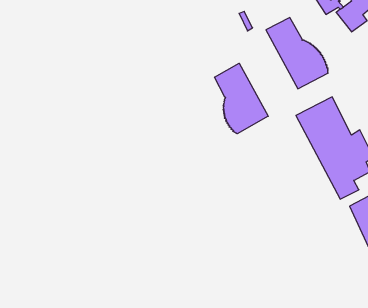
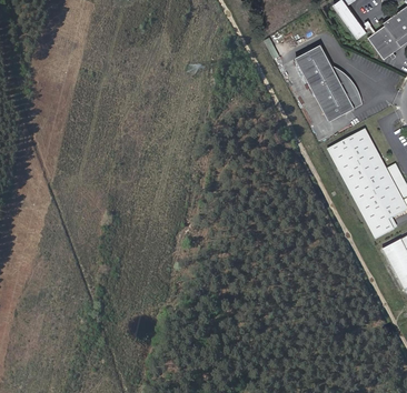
building: [215,63,268,134] -> none

